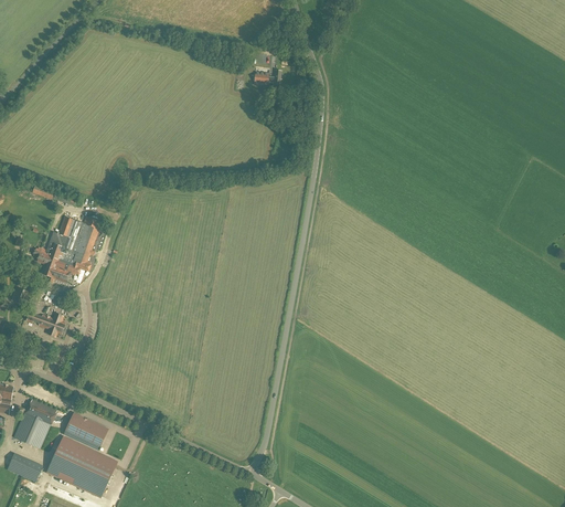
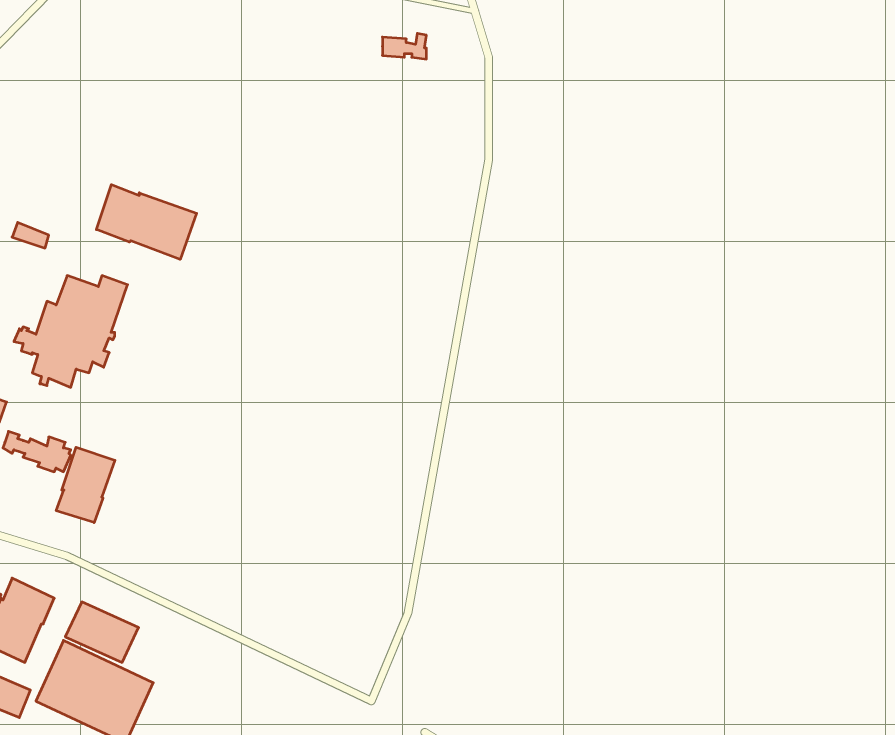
building: none -> [96,185,197,259]
building: none -> [56,447,115,523]

